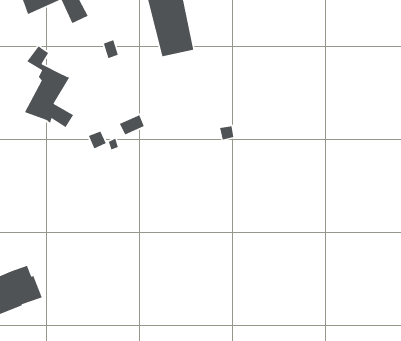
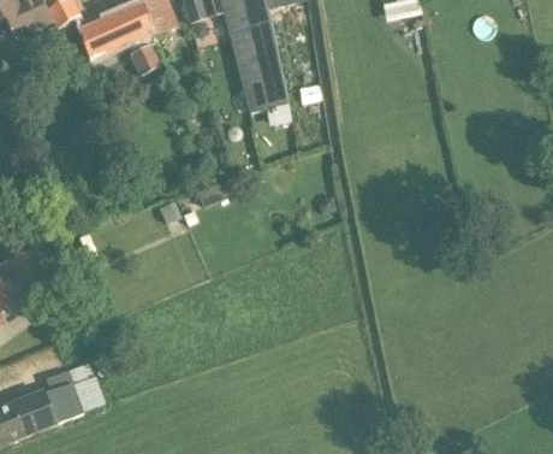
building: [24,45,74,128] -> none

